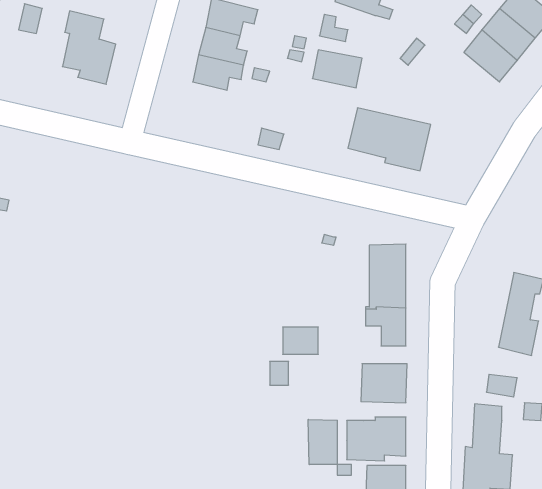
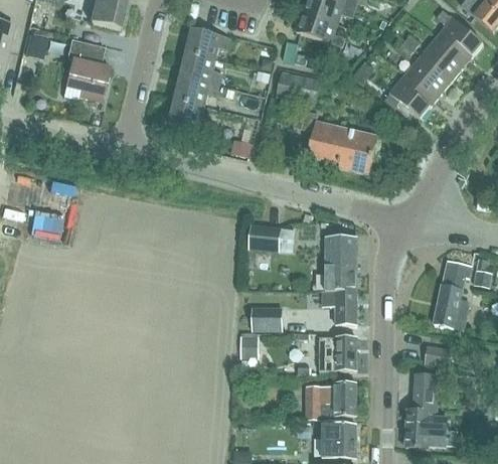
building: none -> [389,73,436,118]
building: none -> [169,99,210,132]
building: none -> [248,224,281,251]
building: [308,419,337,465] -> none

